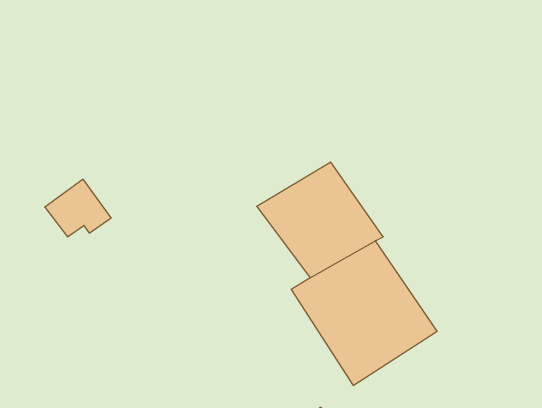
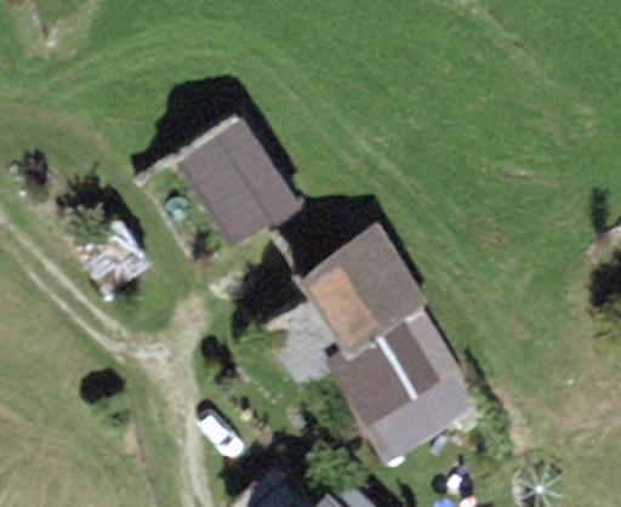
building: none -> [167,113,300,254]

